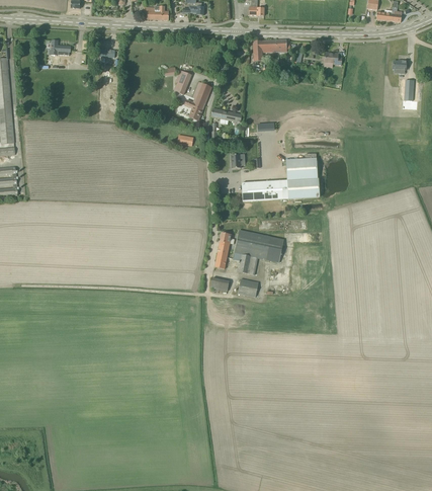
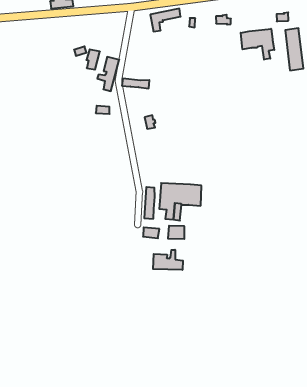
building: none -> [241,29,274,60]
building: [242,157,319,200] -> none
building: none -> [153,250,183,270]

